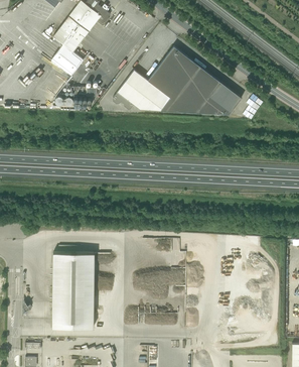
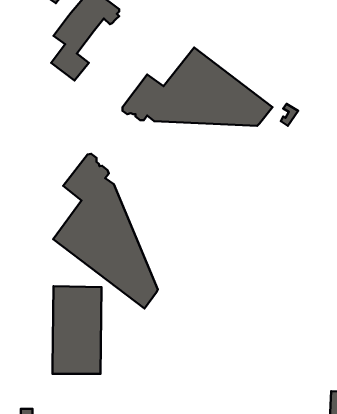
building: none -> [53,154,158,309]

